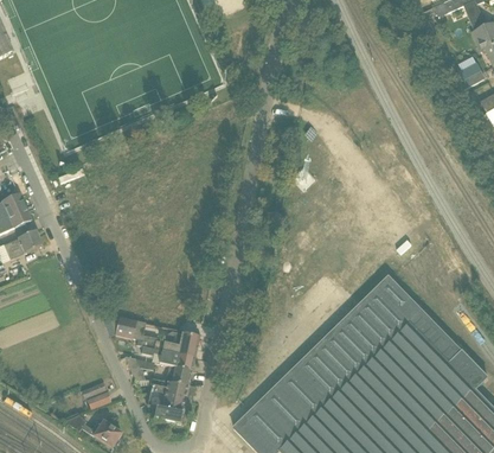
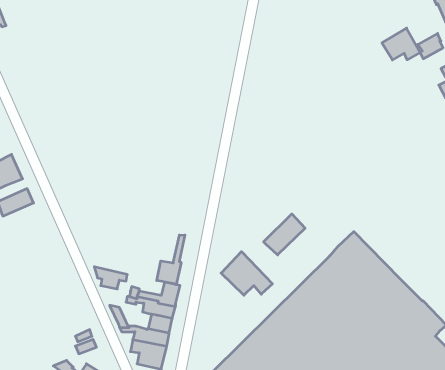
building: none -> [382,28,420,60]
building: none -> [264,214,305,255]
building: none -> [157,235,185,285]
building: none -> [221,252,272,295]

